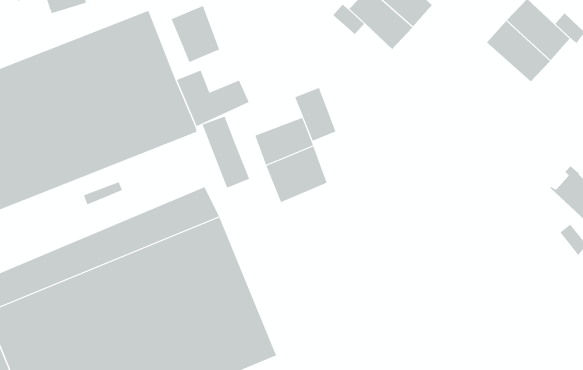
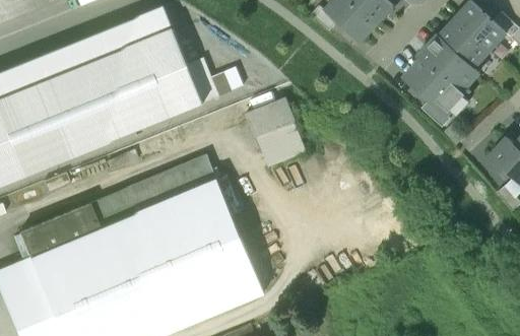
building: [171,5,220,63] -> none
building: none -> [404,38,476,116]
building: [295,87,336,141] -> none
building: [202,116,250,189] -> none

